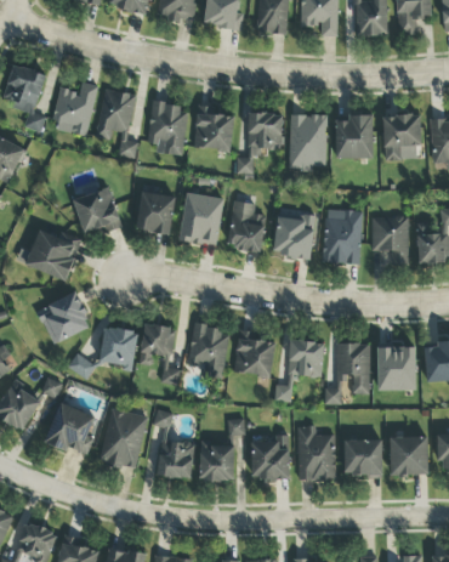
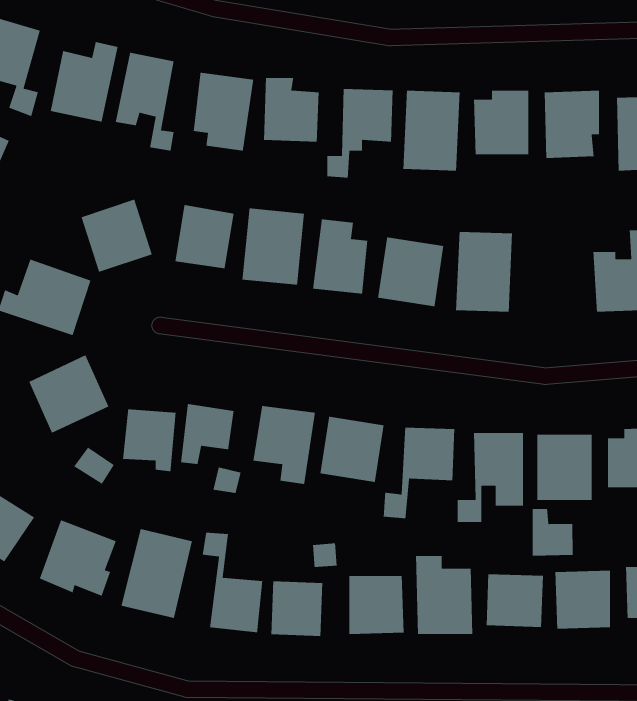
building: [371,216,409,263] -> none
building: none -> [532,508,574,557]

